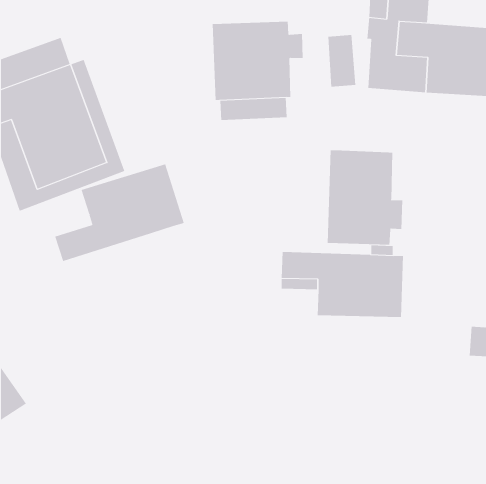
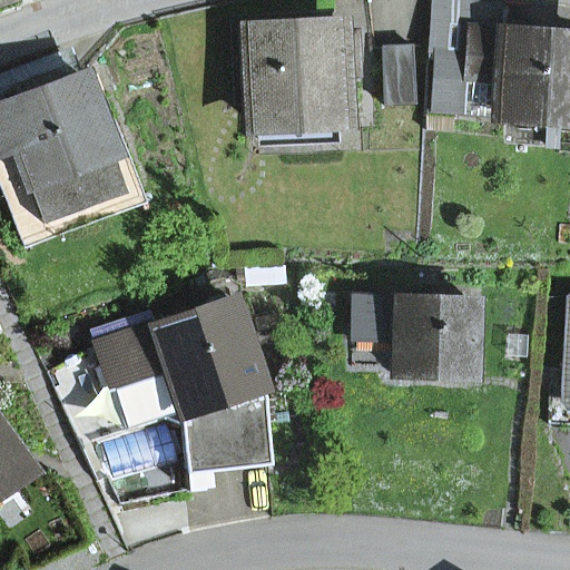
building: [327,150,403,245] -> none
building: [55,163,184,262] -> none
building: none -> [100,297,272,487]

